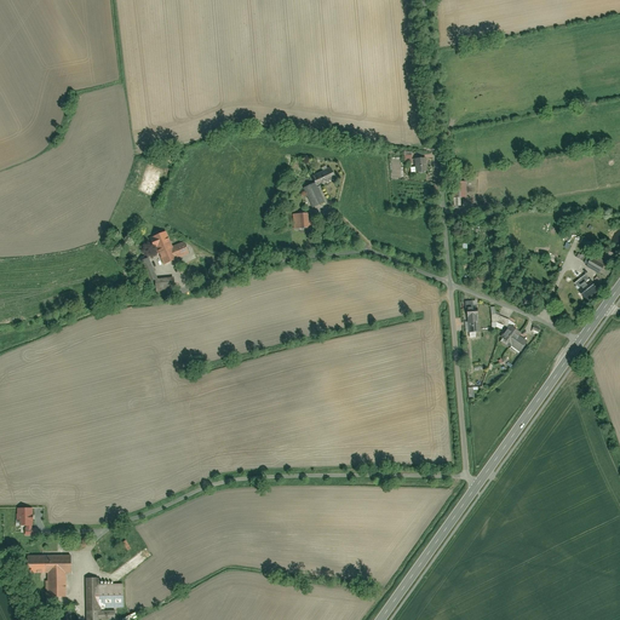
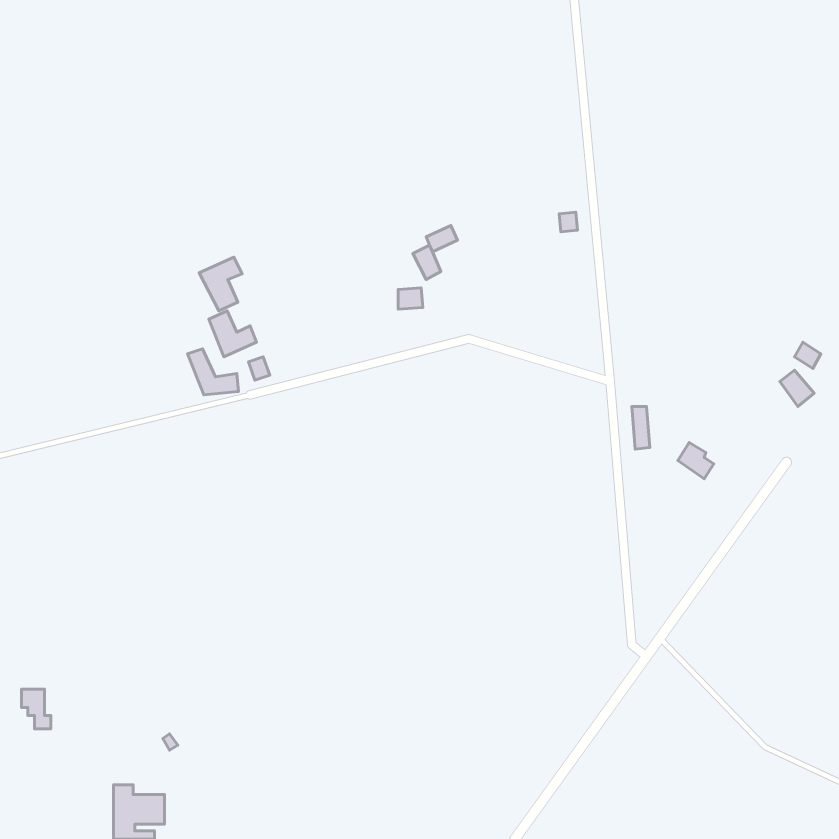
building: none -> [199,257,242,311]
building: [28,556,70,598] -> none

